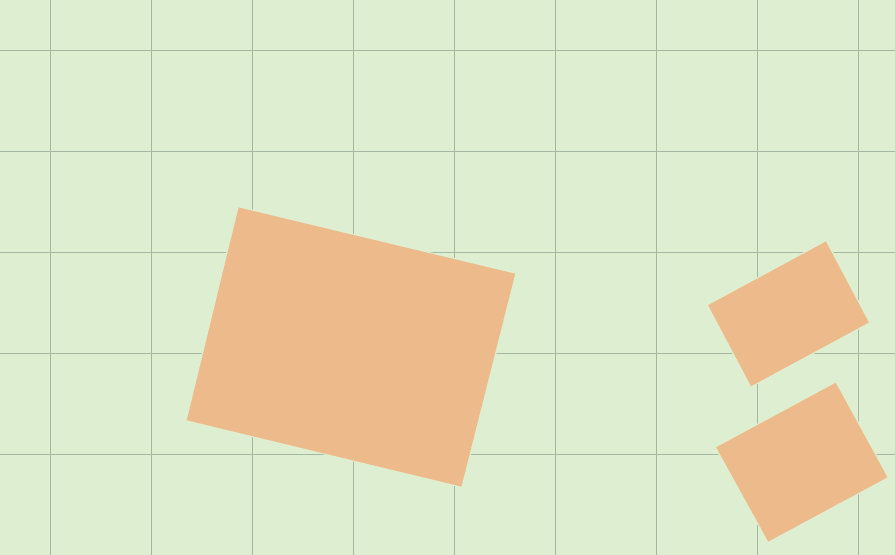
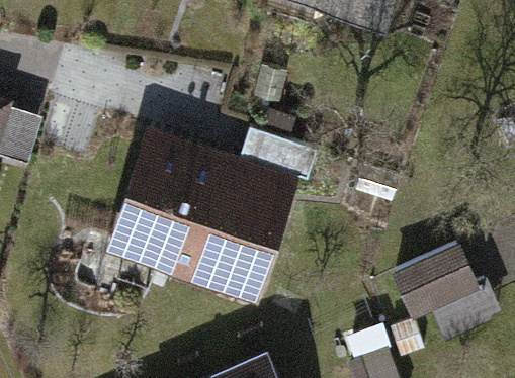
building: [707,241,870,387] -> none

